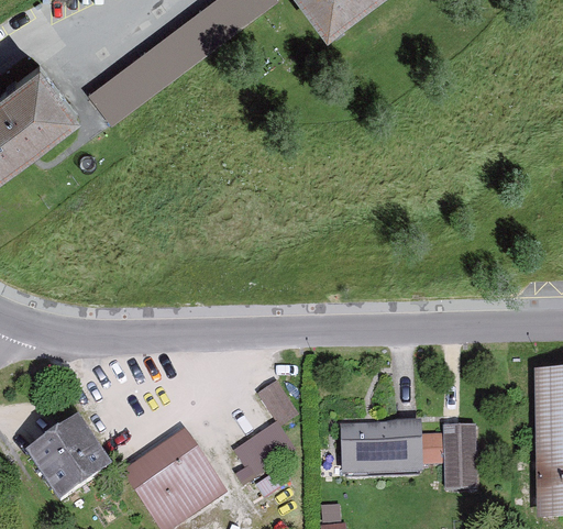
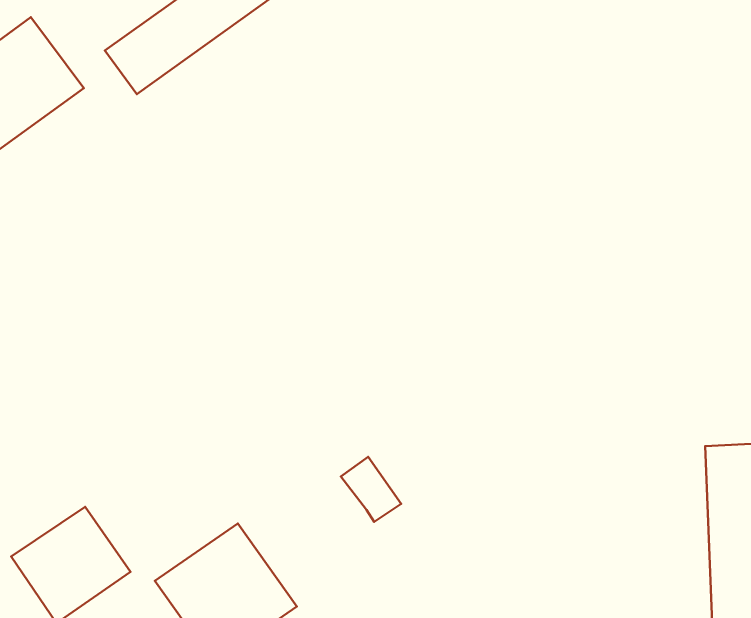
building: [238,419,298,476] -> none
building: [342,426,419,472] -> none
building: [443,427,481,488] -> none

